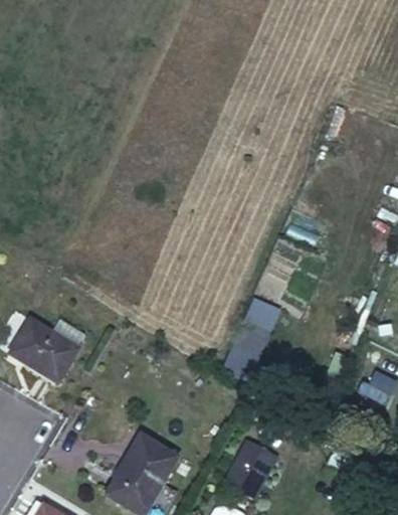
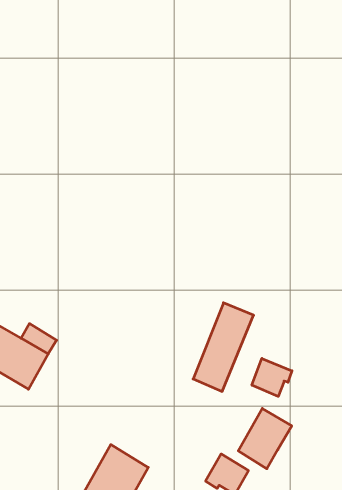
building: none -> [252,358,292,396]
building: none -> [238,408,292,469]

